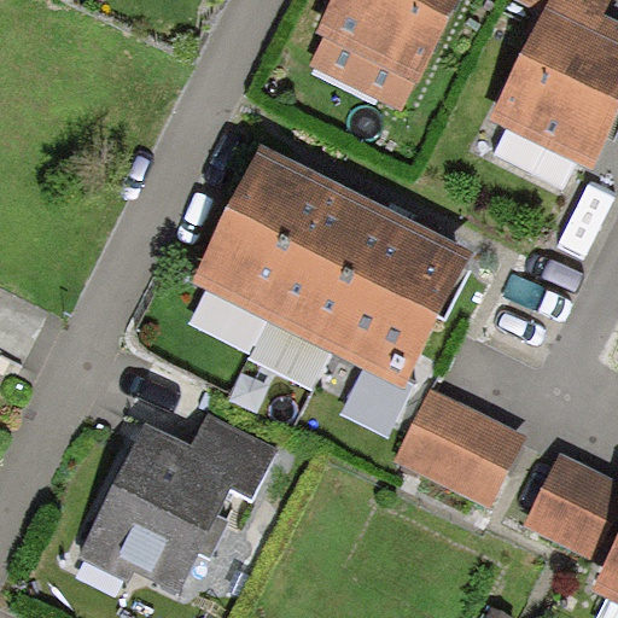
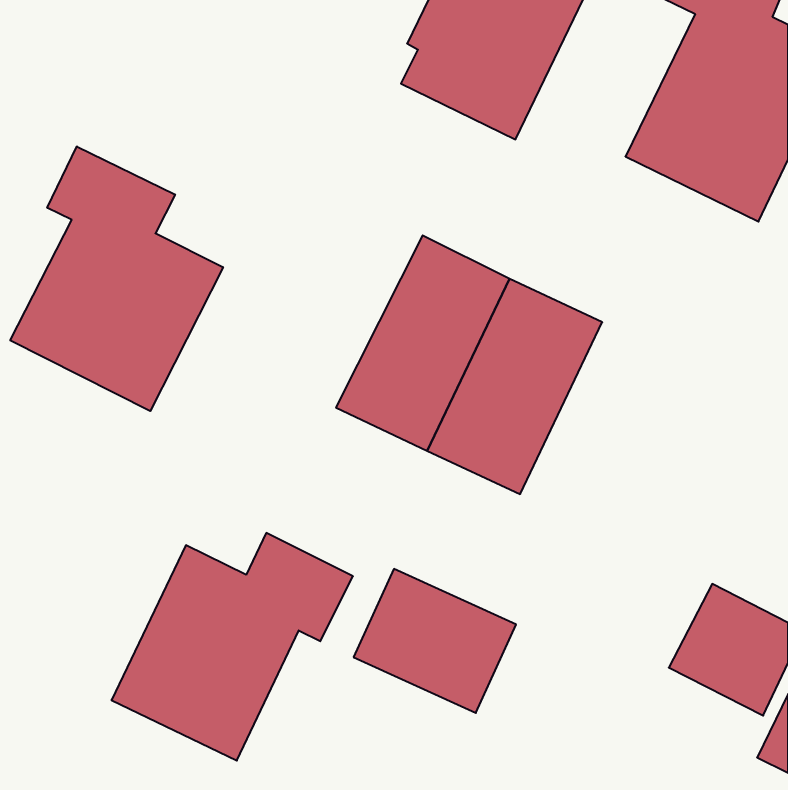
building: none -> [10,146,223,411]
building: [192,148,330,317] -> none
building: [398,393,525,506] -> [354,569,516,713]

